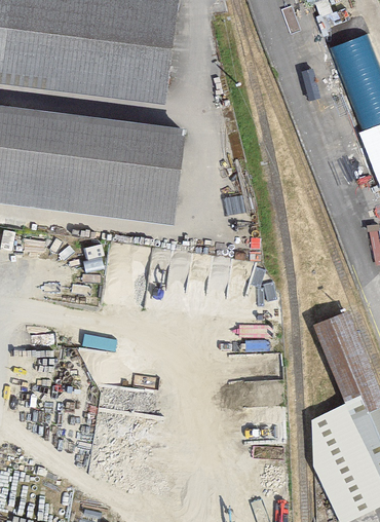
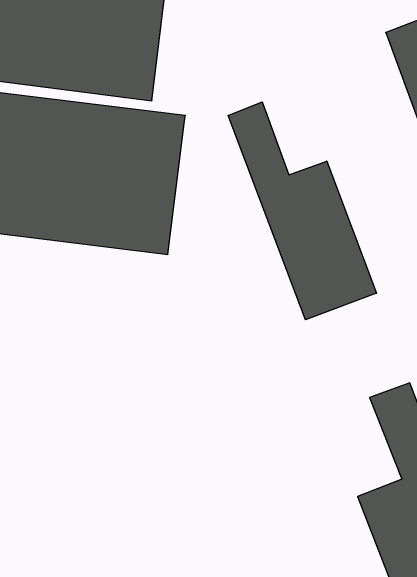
building: none -> [228,102,376,320]

